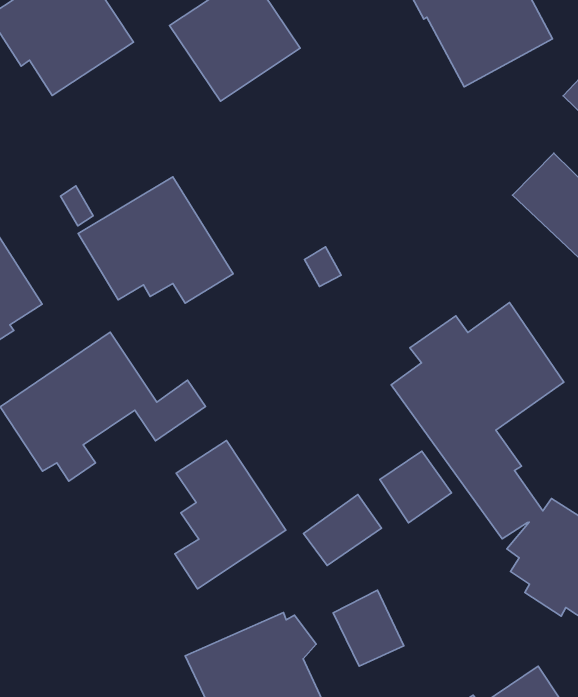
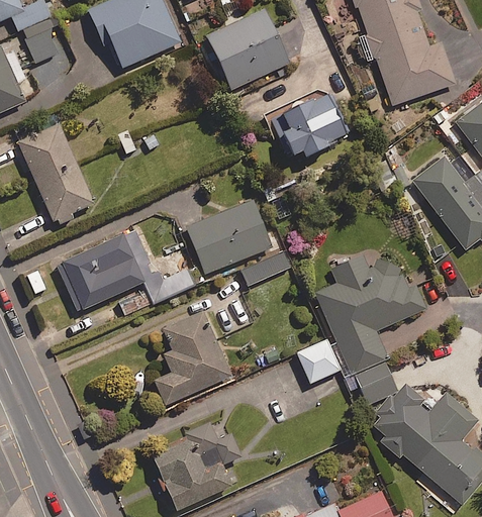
building: none -> [271,91,349,157]
building: [78,177,233,303] -> [185,201,282,285]
building: [304,494,382,565] -> none
building: [333,590,404,666] -> none

